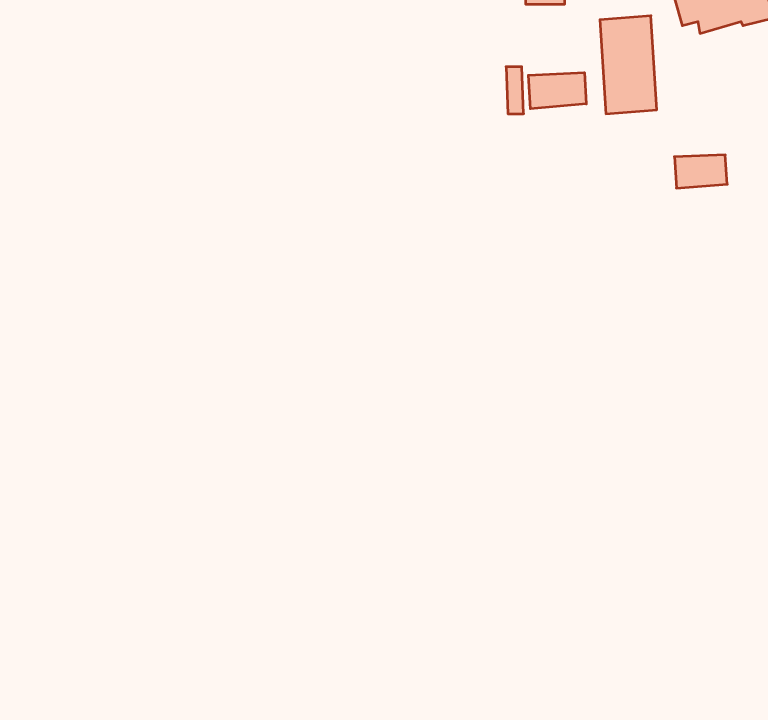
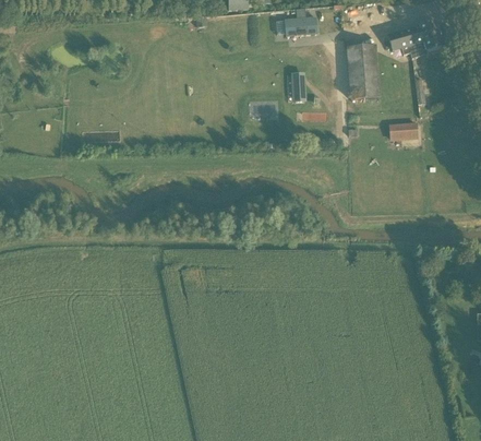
building: [528,73,586,109] -> none

